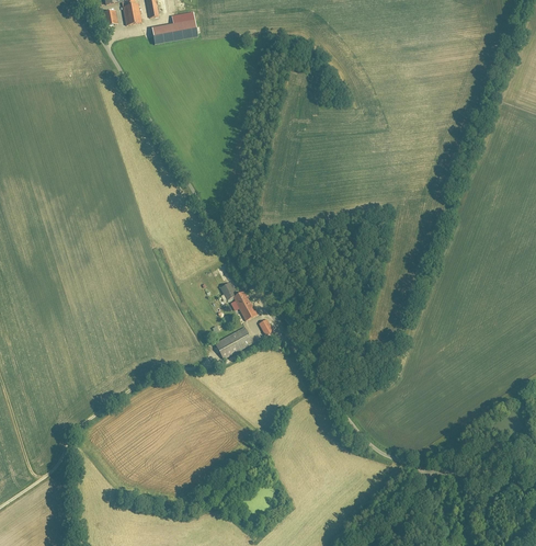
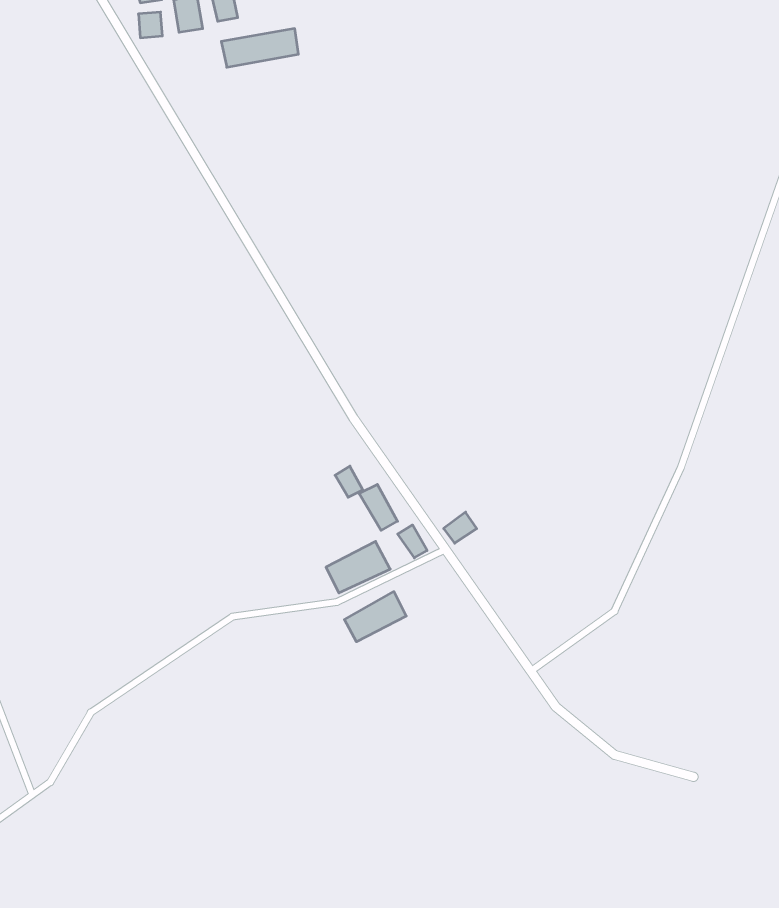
building: none -> [344,592,406,642]

